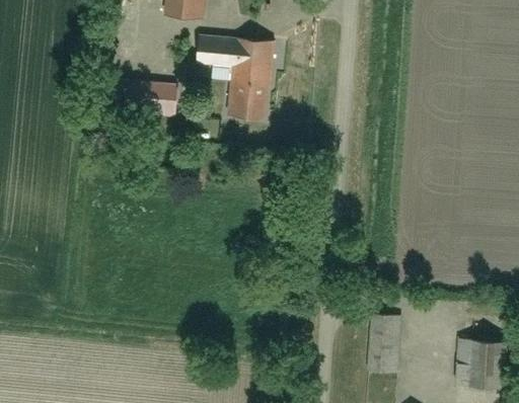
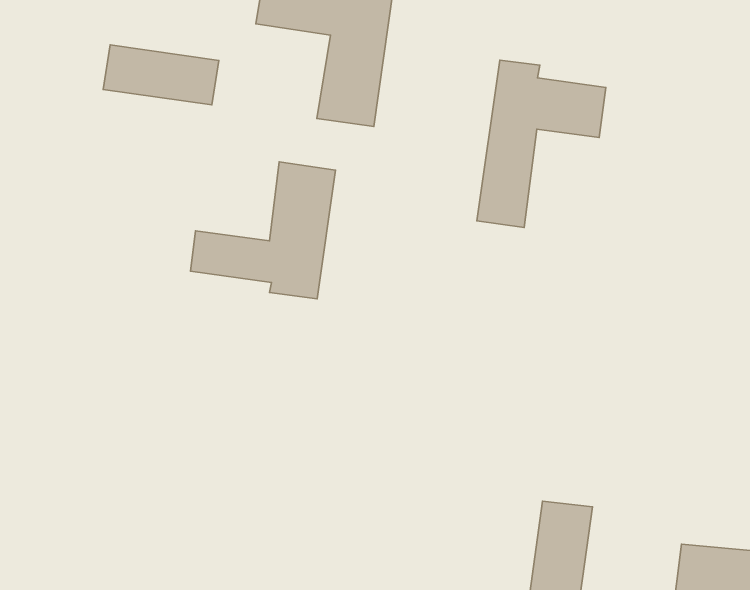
building: none -> [477,60,606,228]
building: none -> [190,162,335,299]

